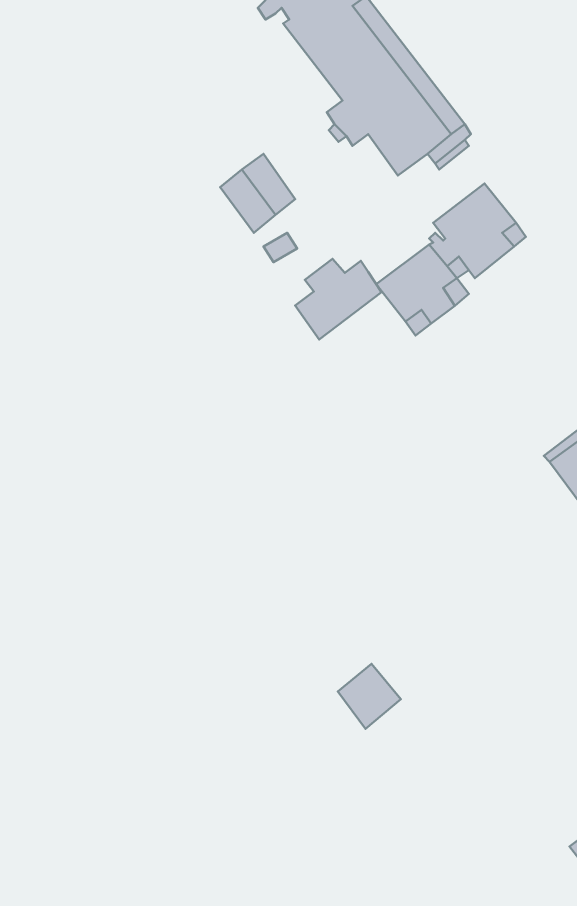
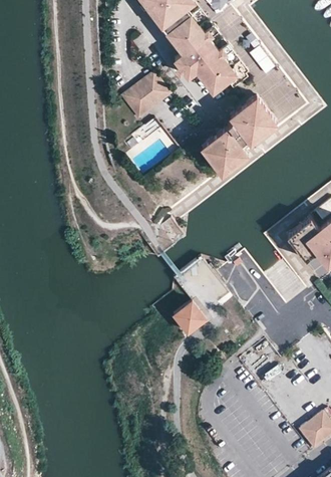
building: none -> [141,75,170,106]
building: [295,259,382,340] -> none
building: [338,664,401,729] -> [173,303,205,336]

